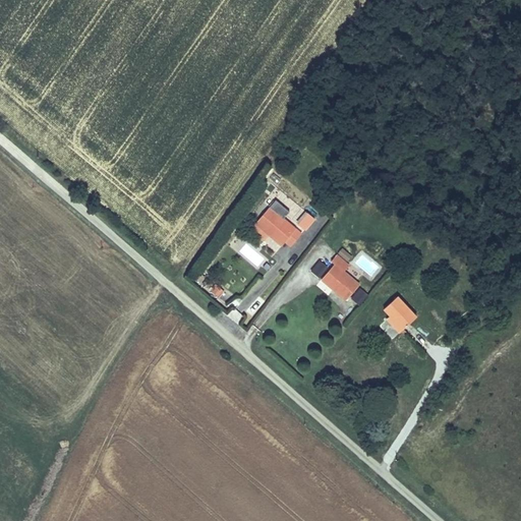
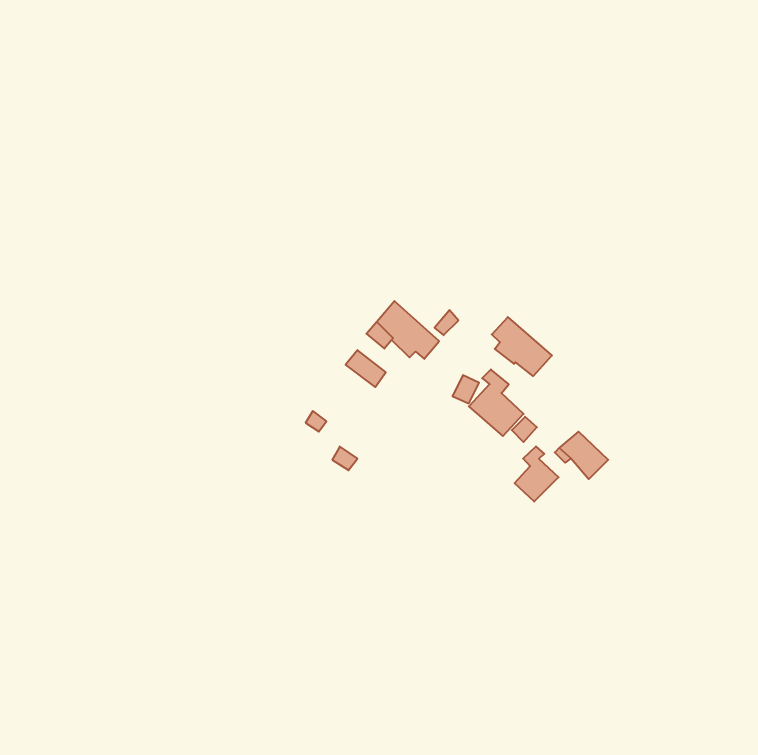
building: none -> [492,317,552,376]
building: none -> [515,446,559,502]

